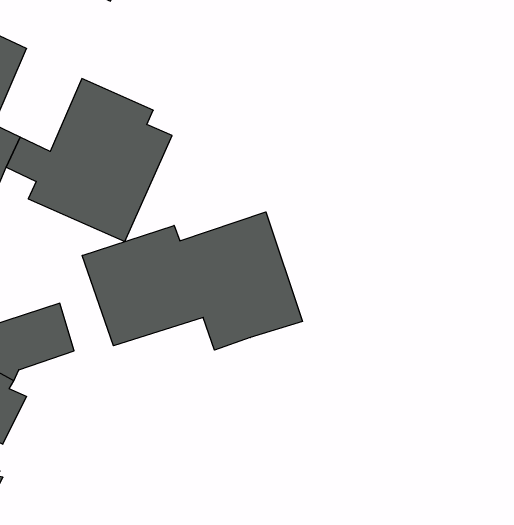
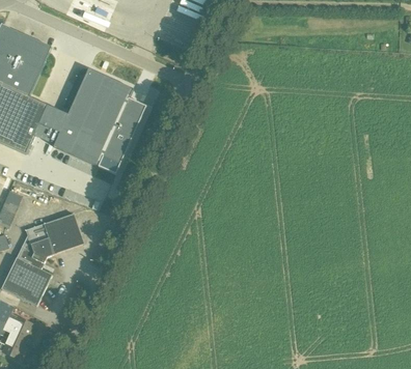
building: [82,212,303,350] -> none

